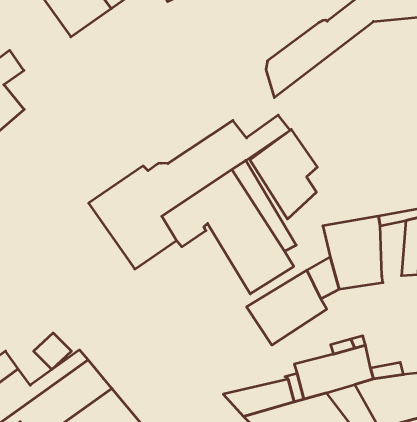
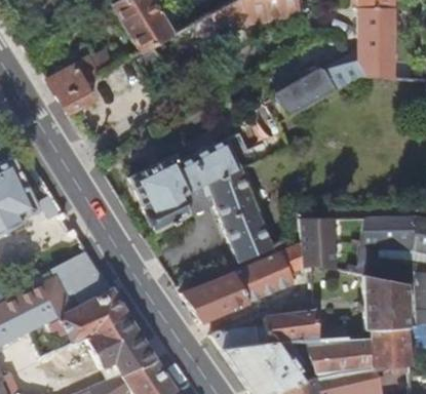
building: [250,129,317,219] -> none
building: none -> [182,270,250,323]

